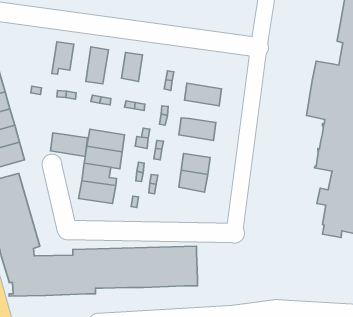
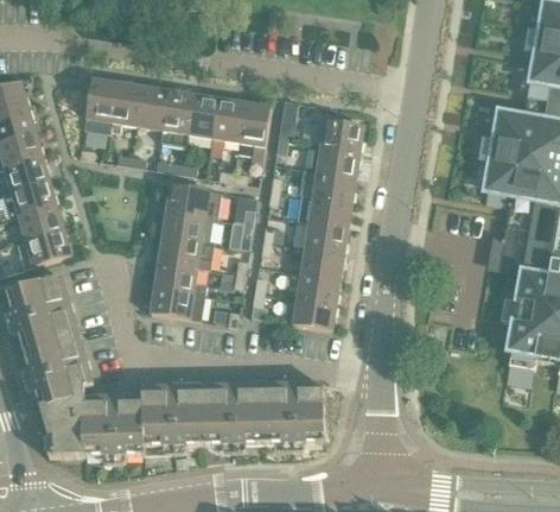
building: none -> [82,76,116,132]
building: none -> [135,84,166,139]
building: none -> [184,93,217,143]
building: none -> [236,100,268,158]
building: none -> [307,115,363,150]
building: none -> [304,166,355,200]
building: [50,133,88,156] -> [165,183,219,217]
building: none -> [295,217,346,251]
building: none -> [291,295,333,328]

